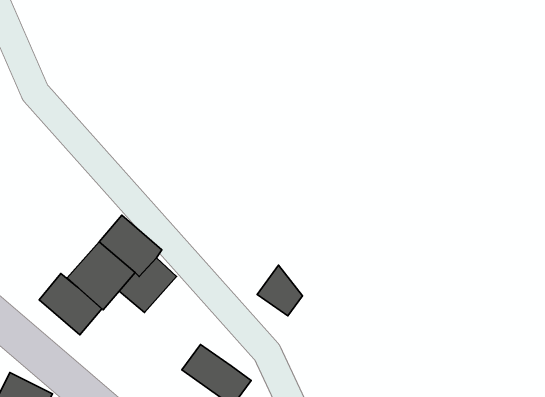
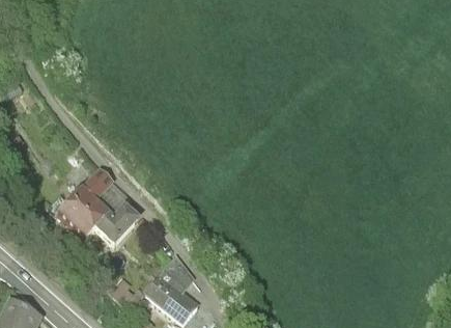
building: [257,265,302,316] -> [159,251,194,291]
building: [39,274,102,335] -> none

